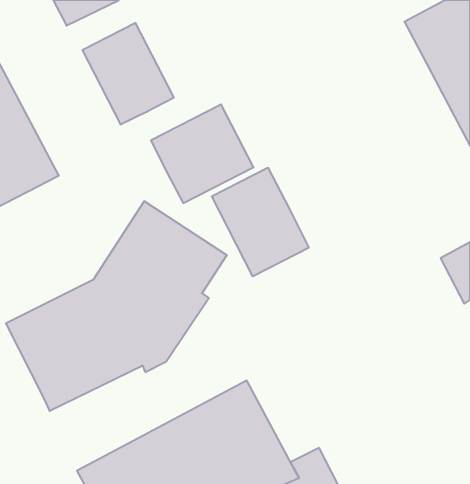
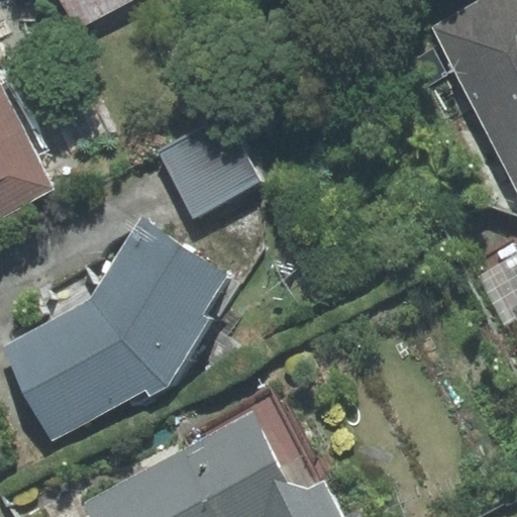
building: [83,23,174,125] -> none
building: [212,168,309,276] -> none

